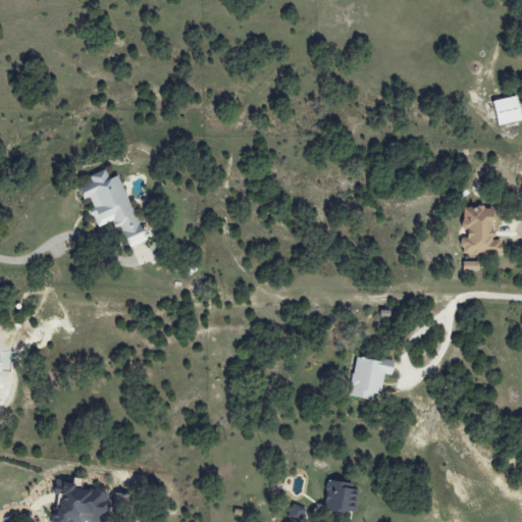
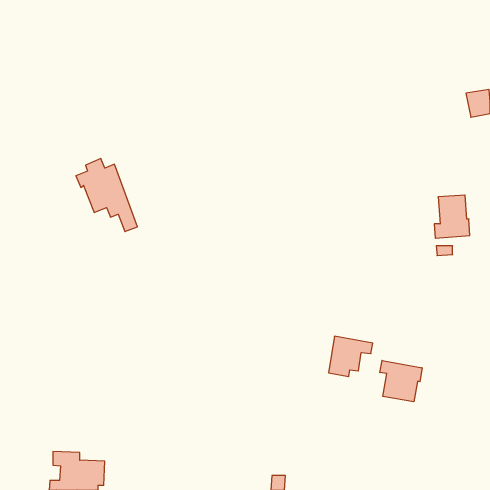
building: none -> [380,360,422,402]
building: [324,479,360,515] -> none

